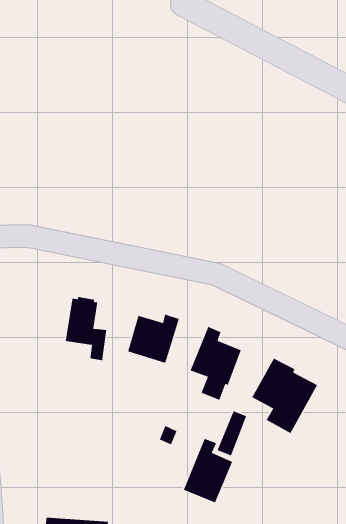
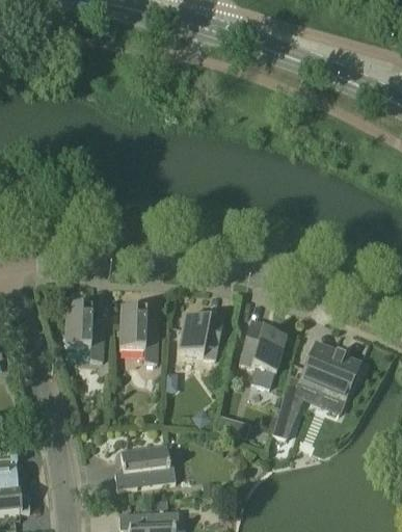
building: none -> [65,302,104,360]
building: [183,438,233,503] -> none
building: none -> [115,444,176,488]

